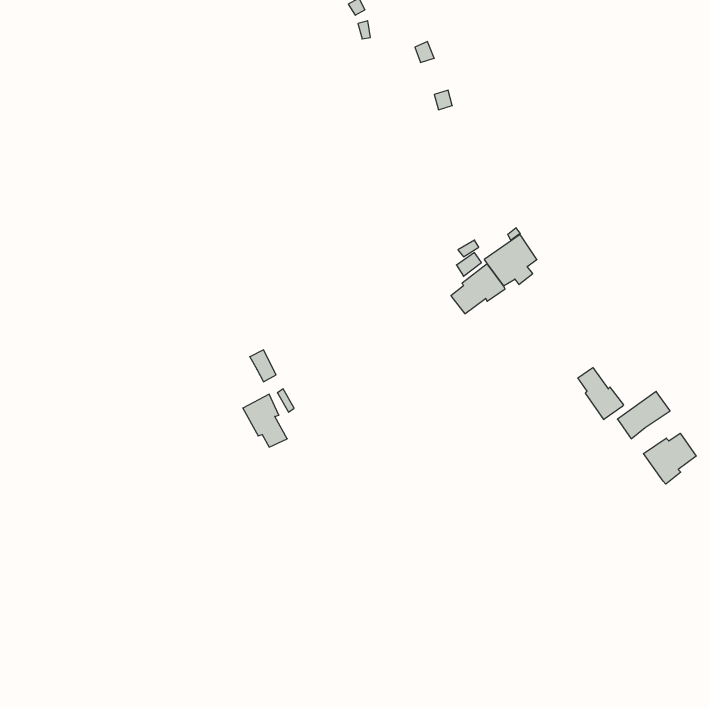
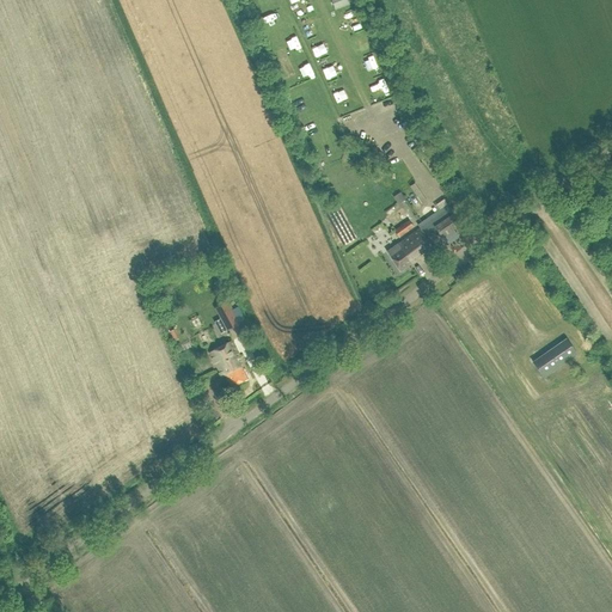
building: [578,368,623,420] -> none
building: [643,433,696,484] -> none

